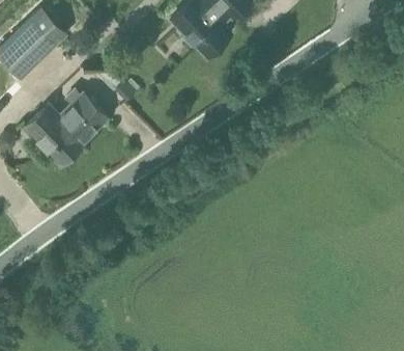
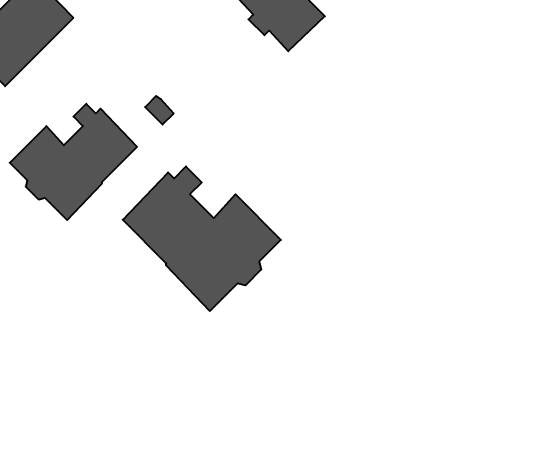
building: none -> [123,166,281,311]

